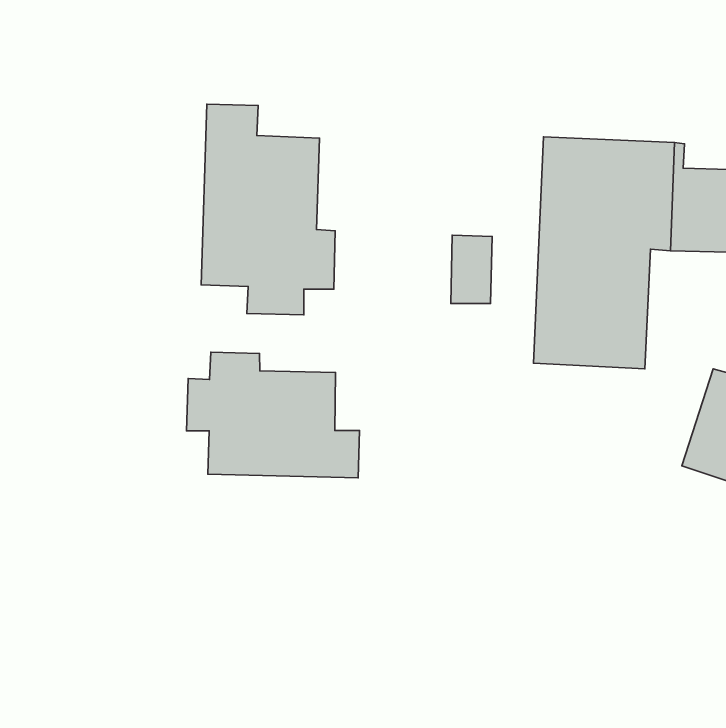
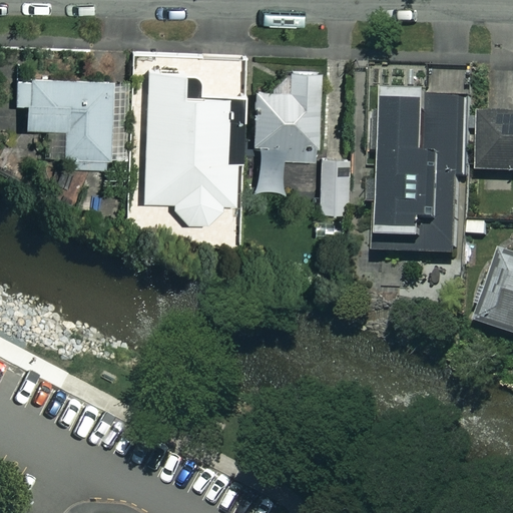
building: none -> [251,70,318,191]
building: none -> [15,78,126,157]
building: [187,352,360,478] -> none

